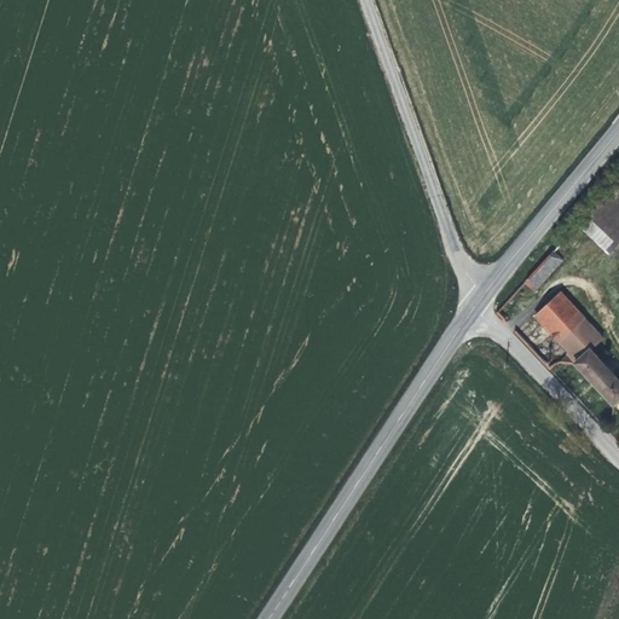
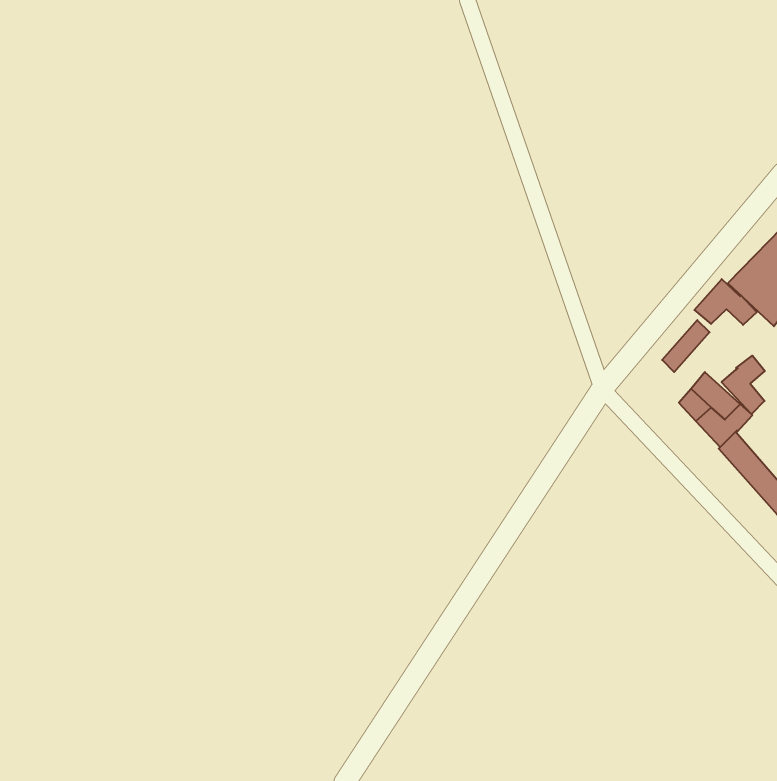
building: none -> [694,279,757,325]
building: none -> [722,356,765,414]

